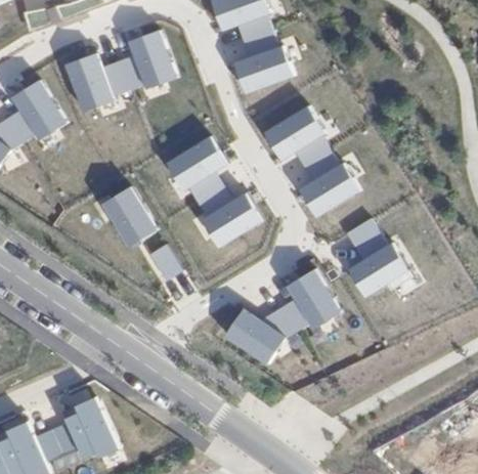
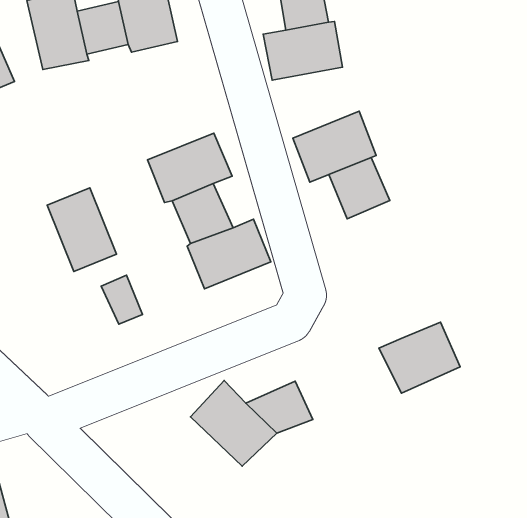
building: [298,163,357,216] -> none
building: [344,217,386,258] -> none
building: [284,267,340,328] -> none

